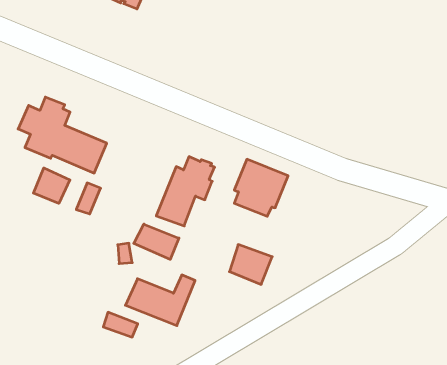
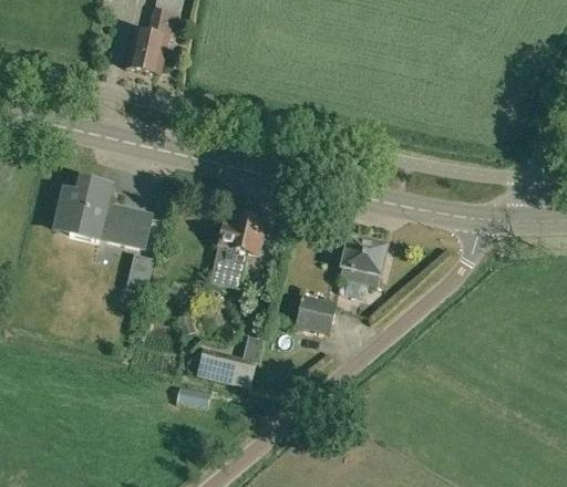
building: [234,159,288,216] -> [338,234,390,288]
building: [33,168,70,203] -> none
building: [134,224,179,259] -> none

